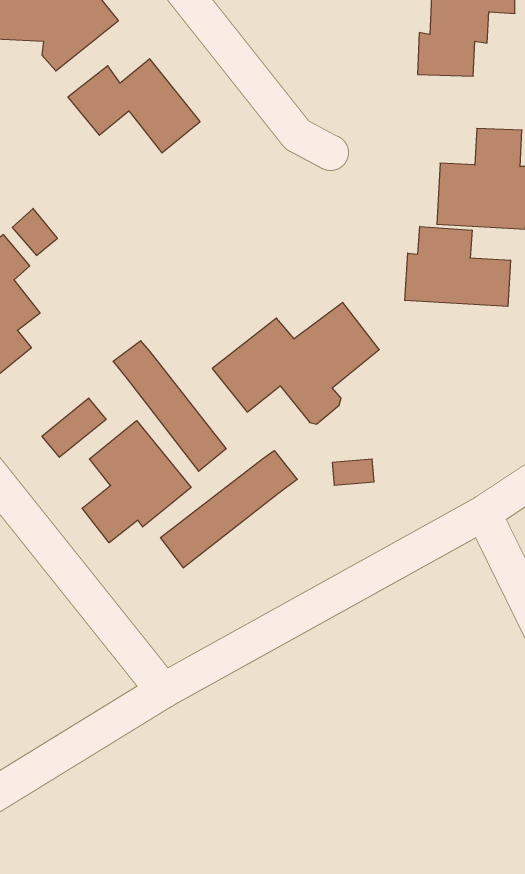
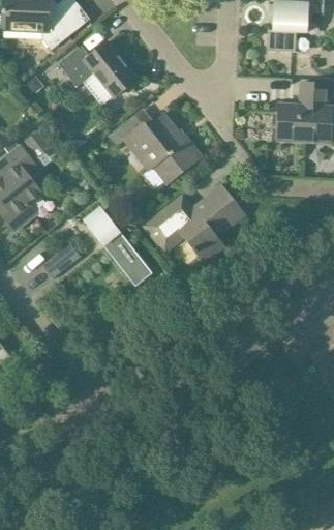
building: none -> [108,112,201,181]
building: [405,226,510,306] -> none
building: [82,421,191,543] -> none
building: [161,451,297,568] -> none

